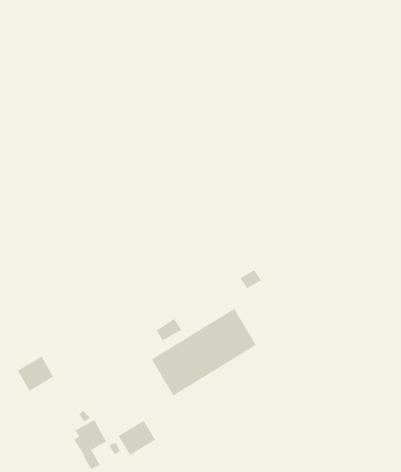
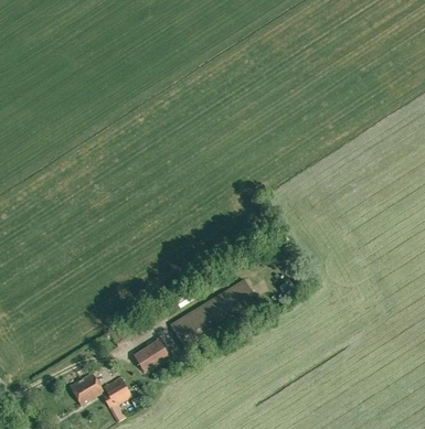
building: [17,356,54,392] -> [71,372,104,404]
building: [117,420,156,456] -> [135,339,169,371]

